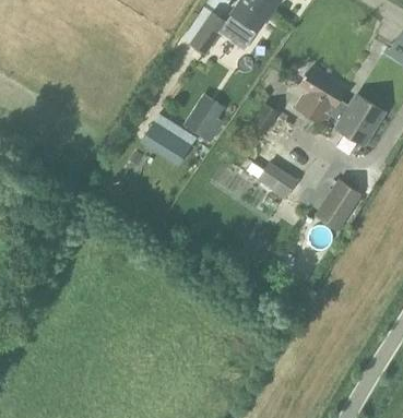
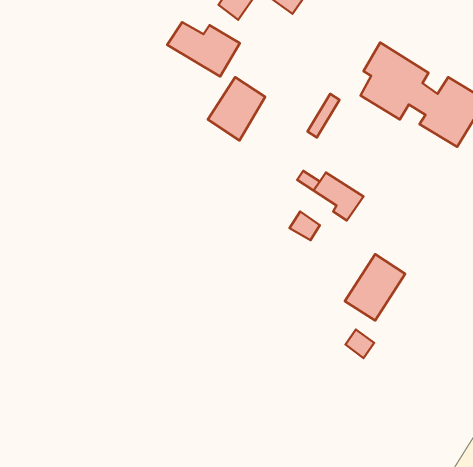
building: [142,124,194,164] -> [167,22,240,76]
building: [317,182,360,230] -> [345,254,405,321]

